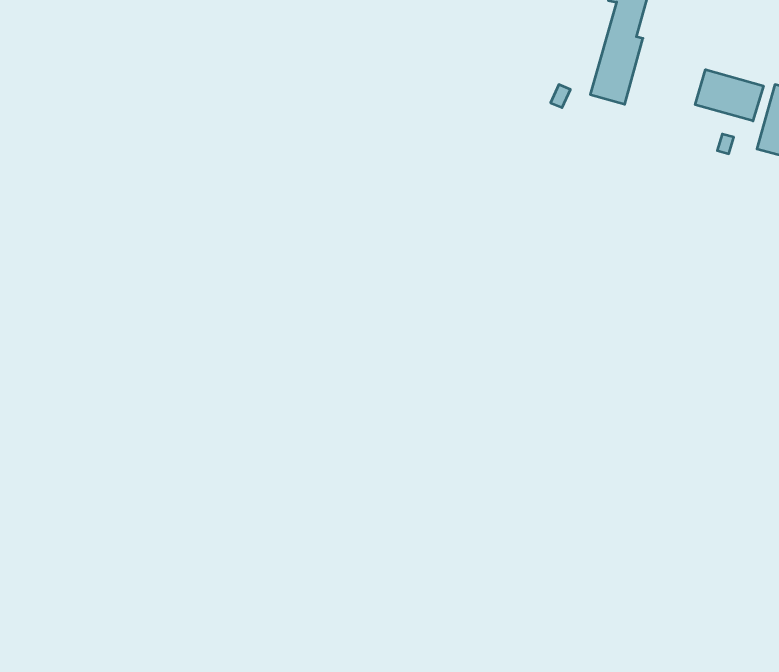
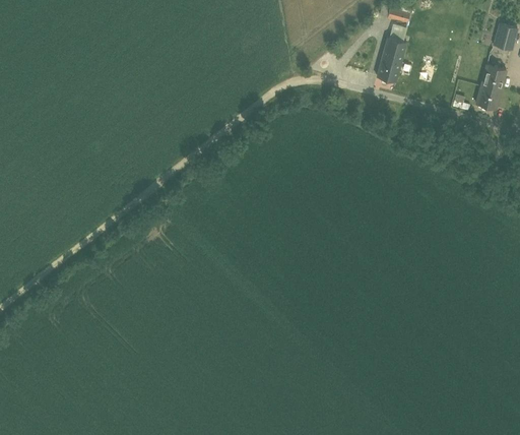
building: [695,70,763,121] -> none

